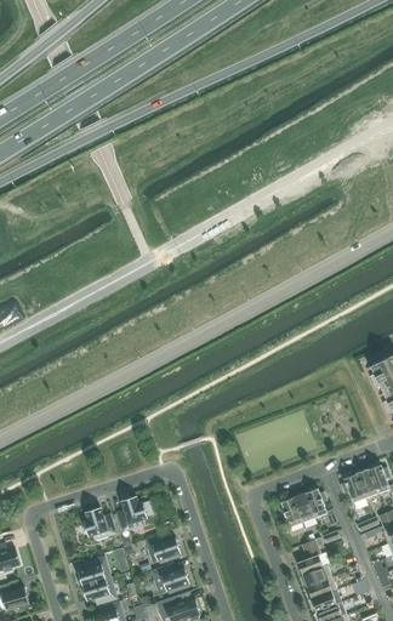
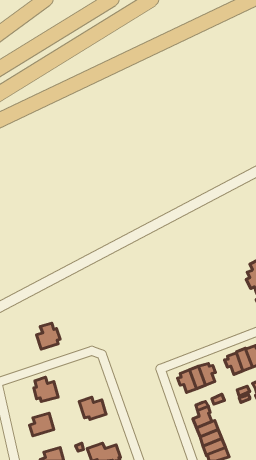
building: [116,496,148,531] -> [36,323,60,349]
building: [152,564,190,594] -> none
building: [84,577,118,605] -> none

